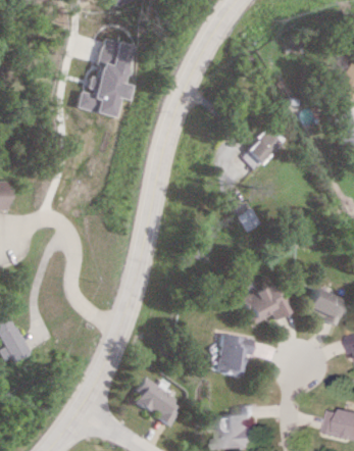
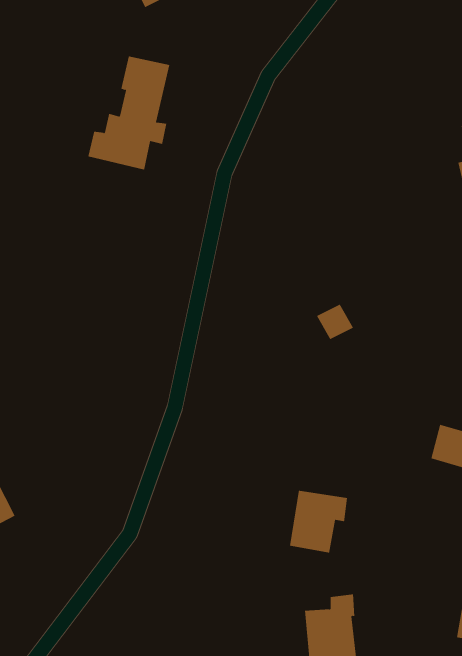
building: [237,129,279,169] -> none
building: [239,280,294,323] -> none
building: [132,377,182,425] -> none

